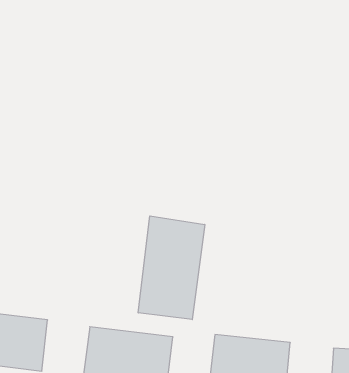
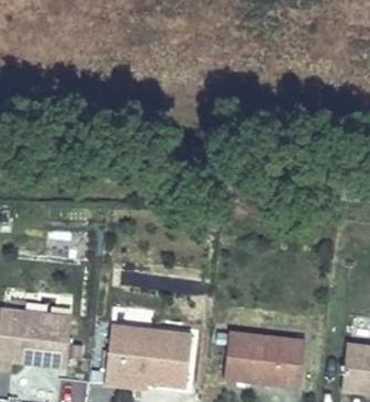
building: [138,216,205,320] -> none

